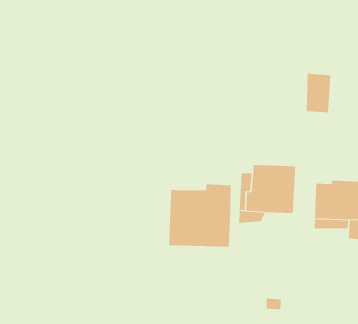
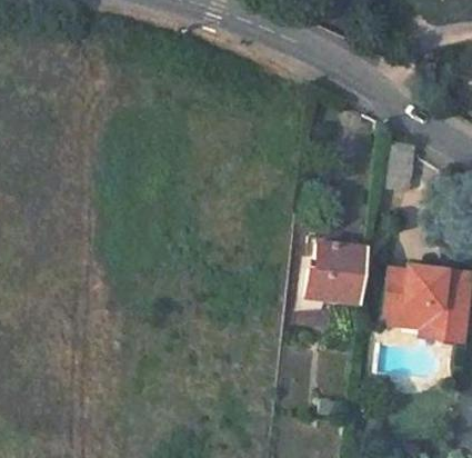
building: [168,183,231,247] -> none

